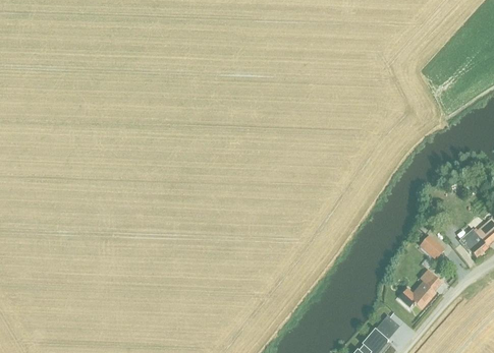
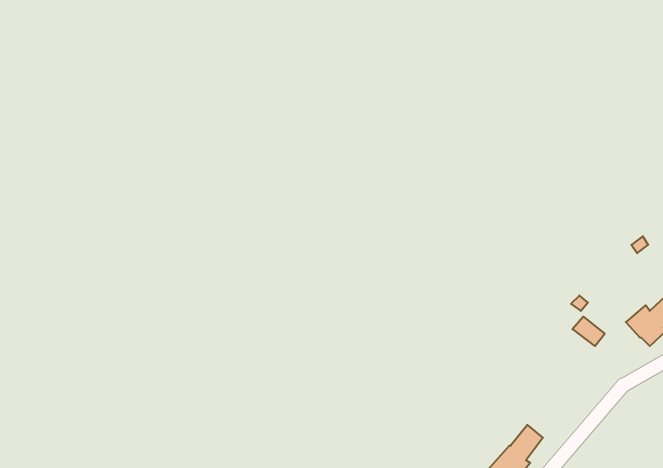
building: [400,272,441,308] -> none

